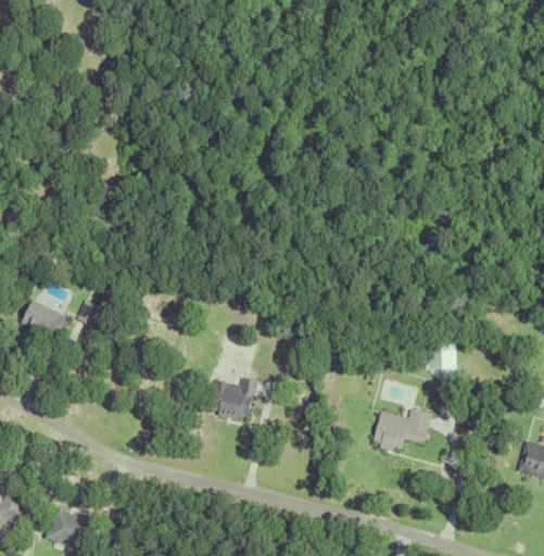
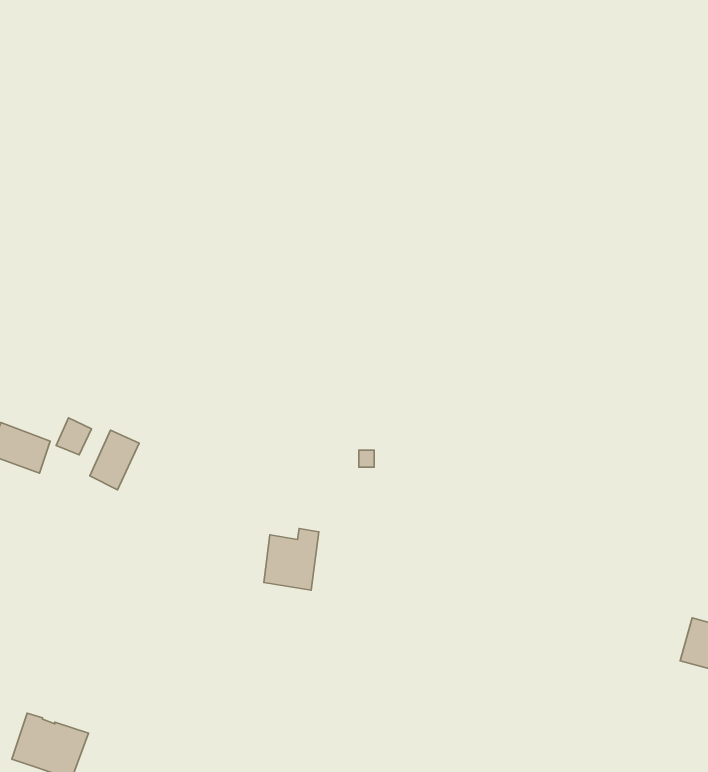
building: none -> [90,430,139,490]
building: [427,343,453,368] -> none
building: [370,407,430,451] -> none

